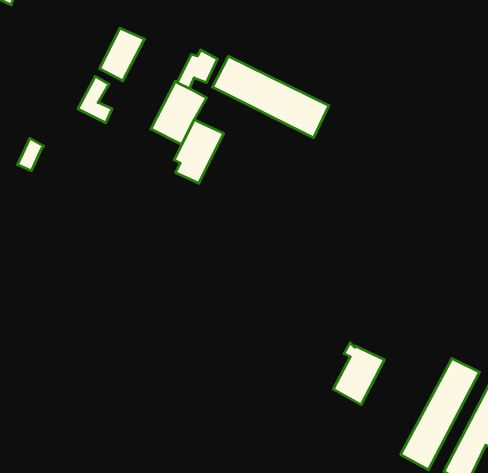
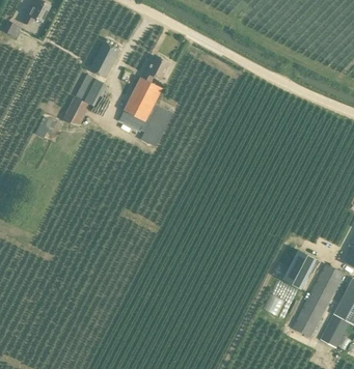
building: [212,56,329,138] -> none
building: none -> [63,97,90,126]
building: [333,343,384,405] -> [283,248,318,289]

